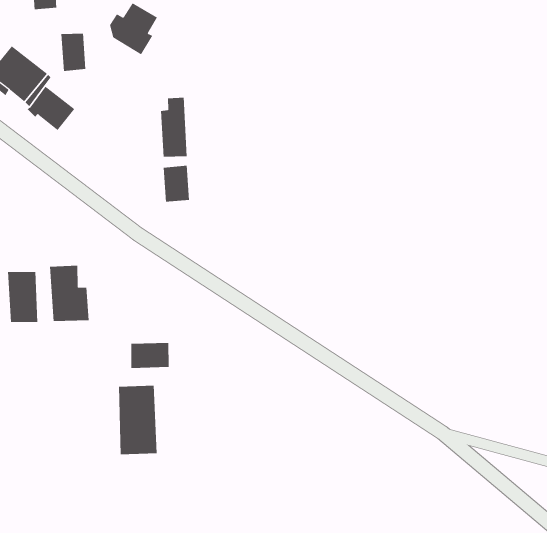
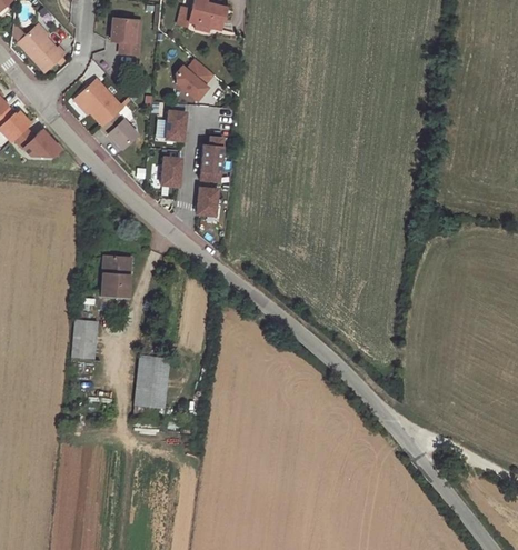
building: [60,33,86,71] -> [167,111,187,141]
building: none -> [162,158,182,188]
building: [7,271,38,322] -> [71,314,97,357]
building: [131,342,169,369] -> none

